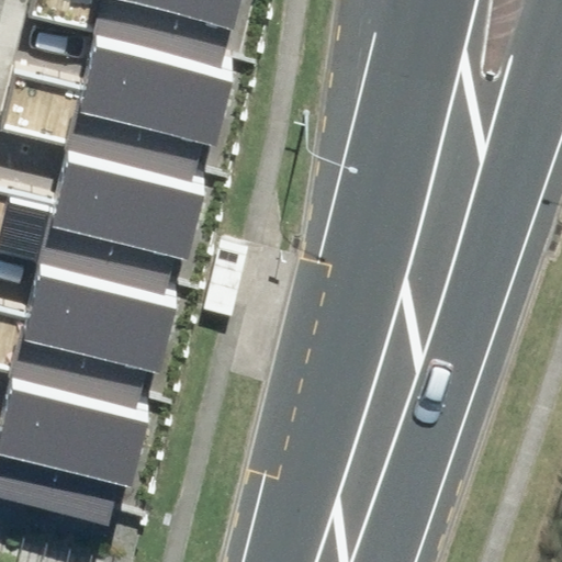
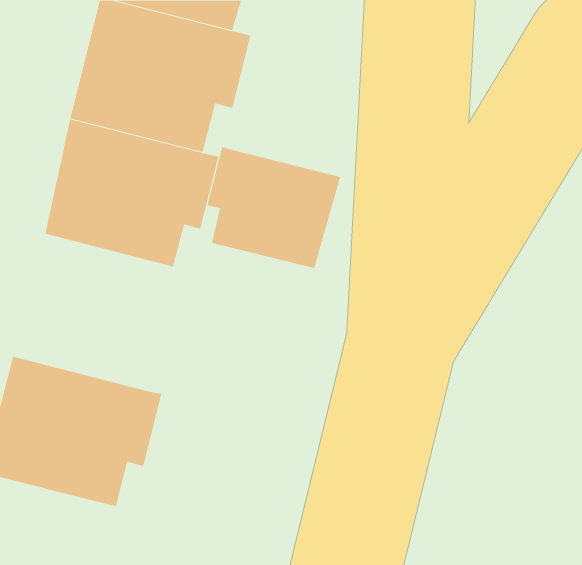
building: none -> [207,146,341,269]
building: [12,243,187,393] -> none

